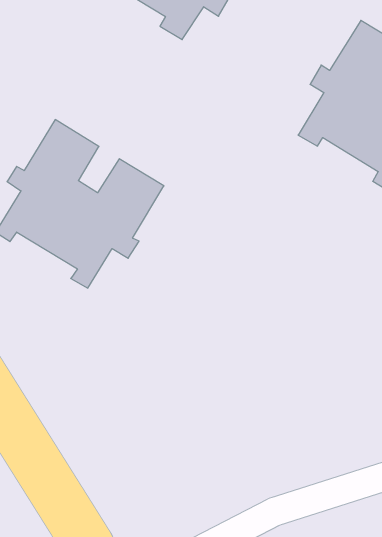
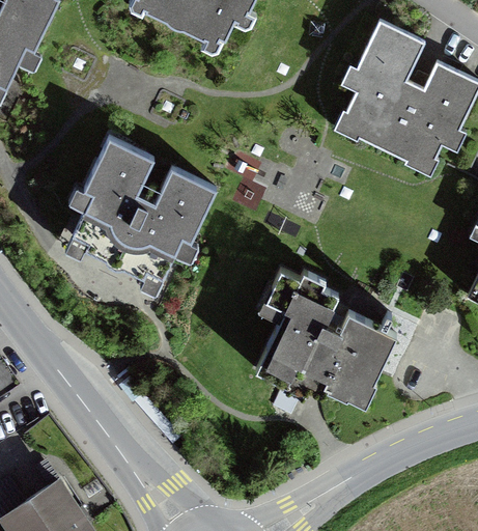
building: none -> [255,271,398,402]

